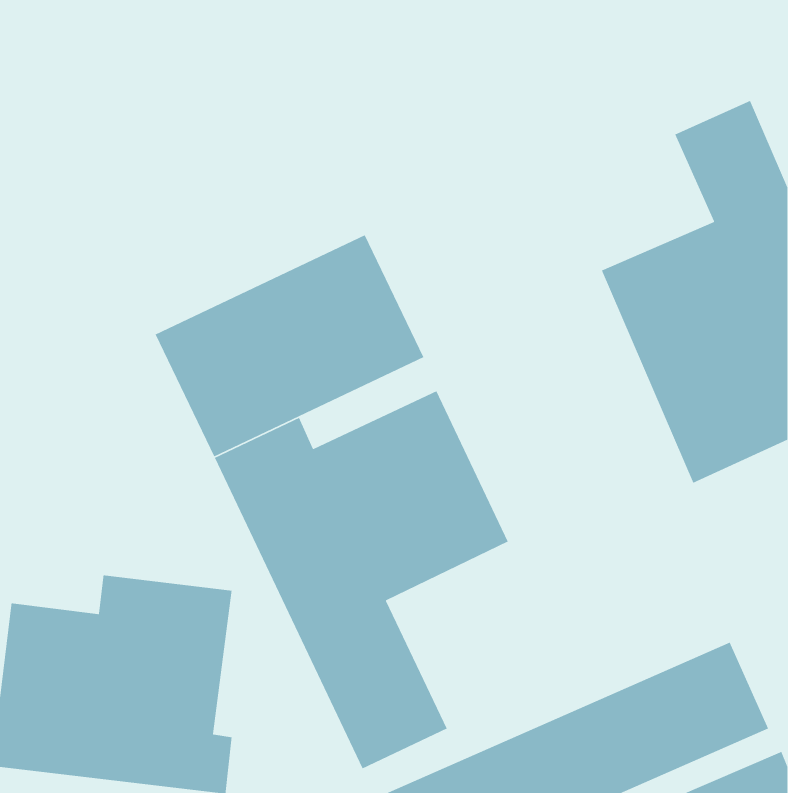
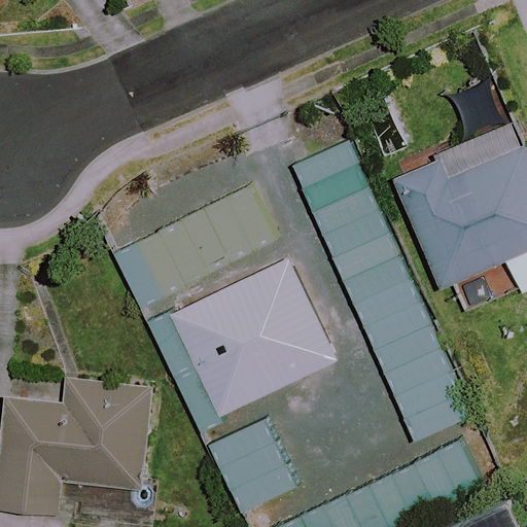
building: none -> [293,143,465,442]

